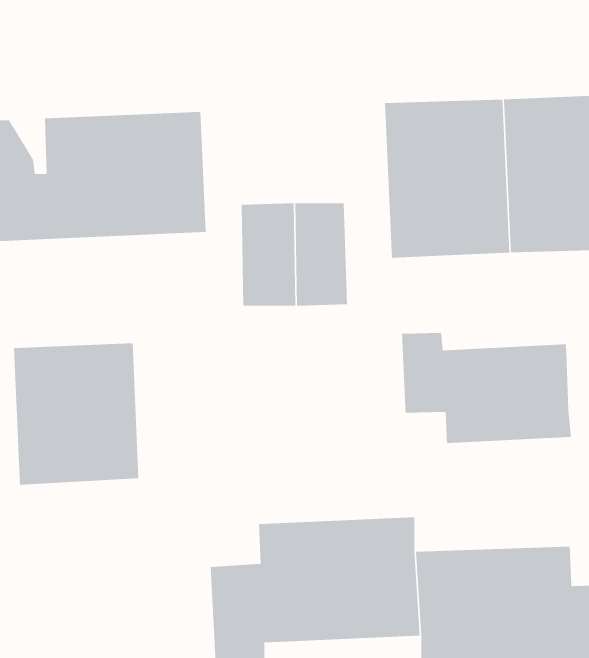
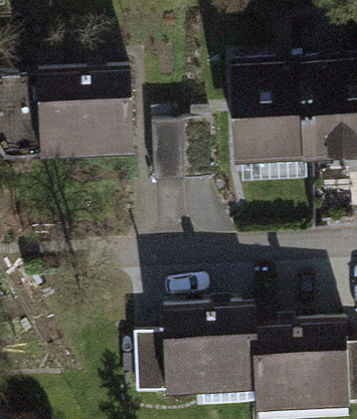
building: [402,332,571,444] -> none
building: [14,342,139,485] -> none

